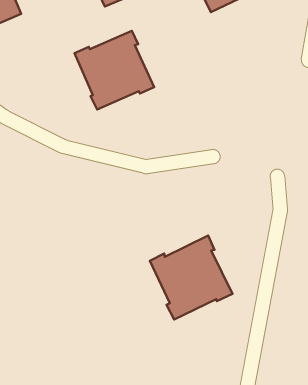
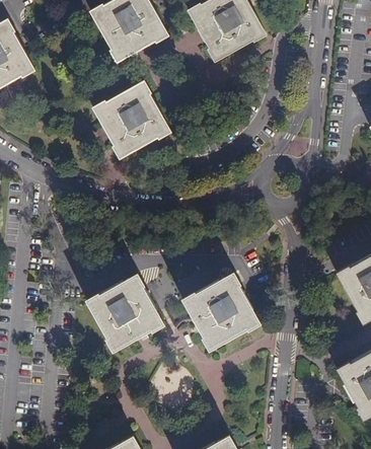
building: none -> [84,272,162,350]

